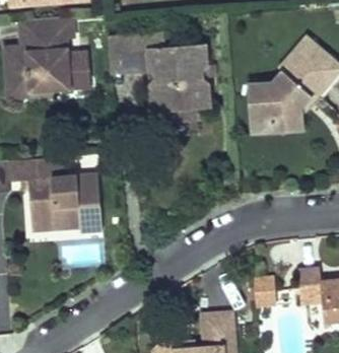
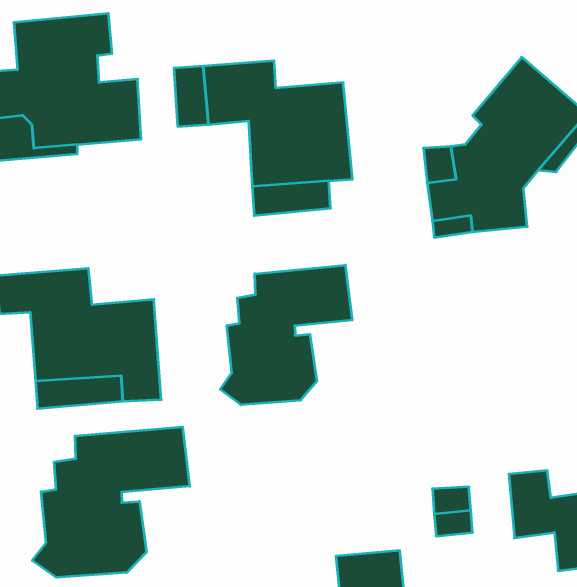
building: none -> [220,265,352,405]
building: none -> [32,427,190,577]

